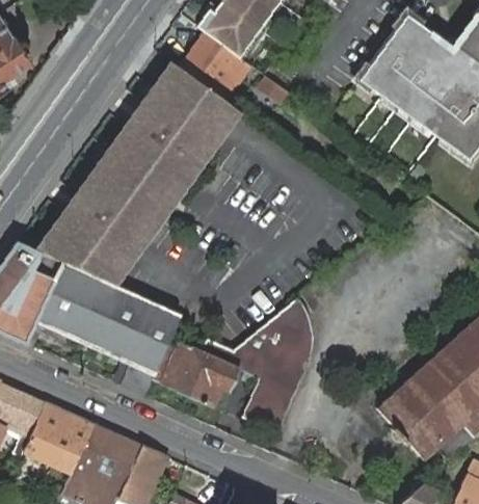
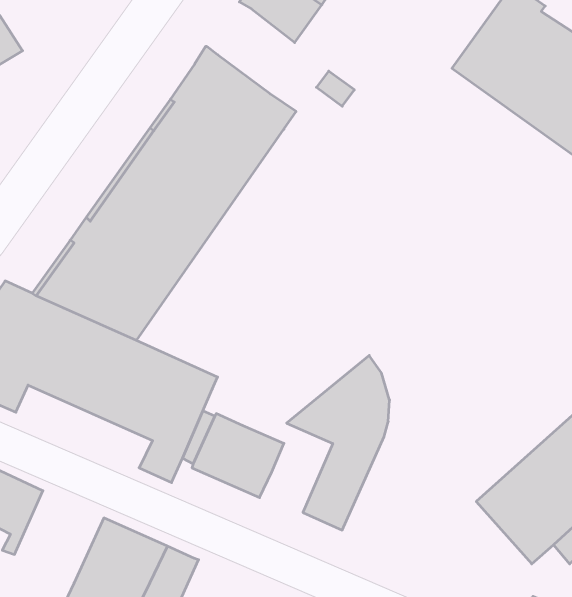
building: [180,32,245,98] -> none
building: [199,338,268,419] -> none
building: [24,402,92,473] -> none

